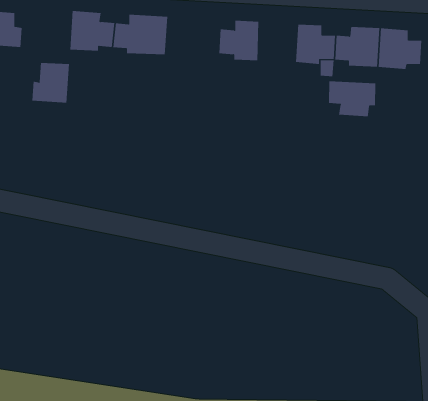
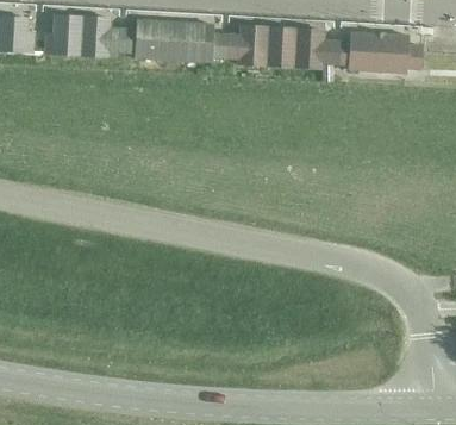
building: none -> [173,21,225,61]
building: none -> [262,26,300,65]
building: [32,63,70,103] -> [45,14,82,54]
building: [328,80,376,117] -> none

